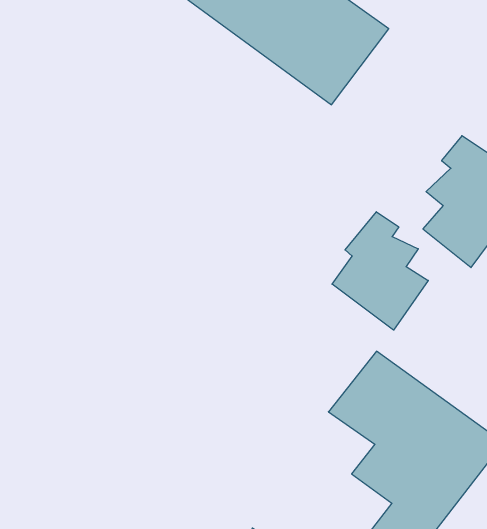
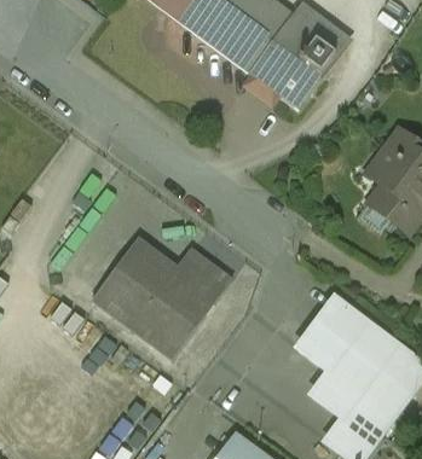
building: [332,212,428,330] -> none
building: none -> [92,237,231,355]

